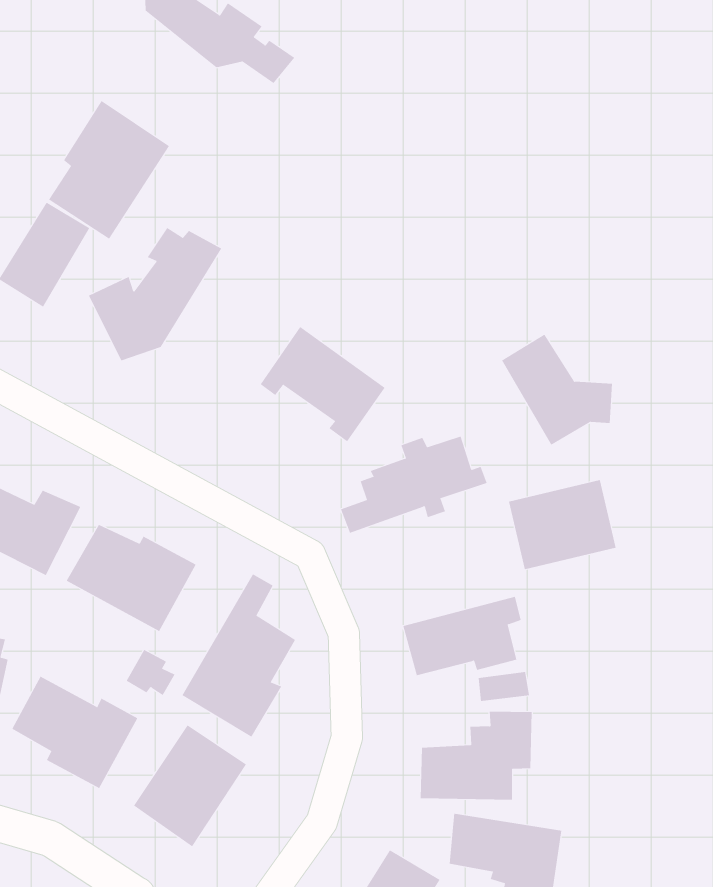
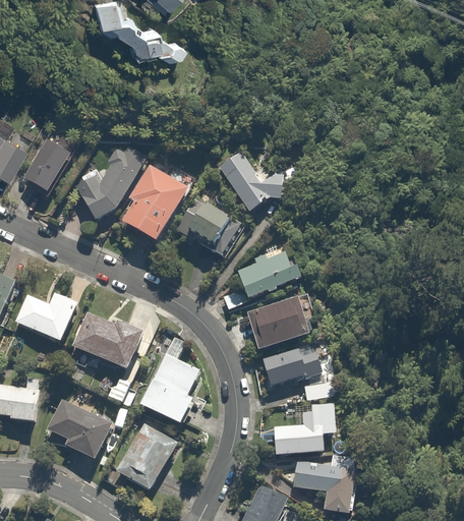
building: [48,100,170,239] -> [121,165,187,242]
building: [501,334,613,446] -> [218,150,281,212]
building: [508,480,617,570] -> [246,298,308,351]

